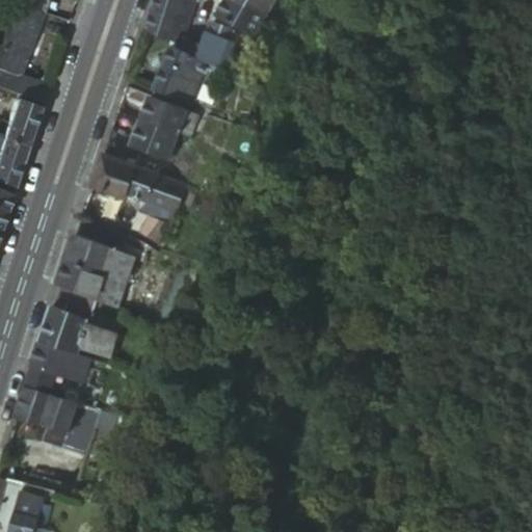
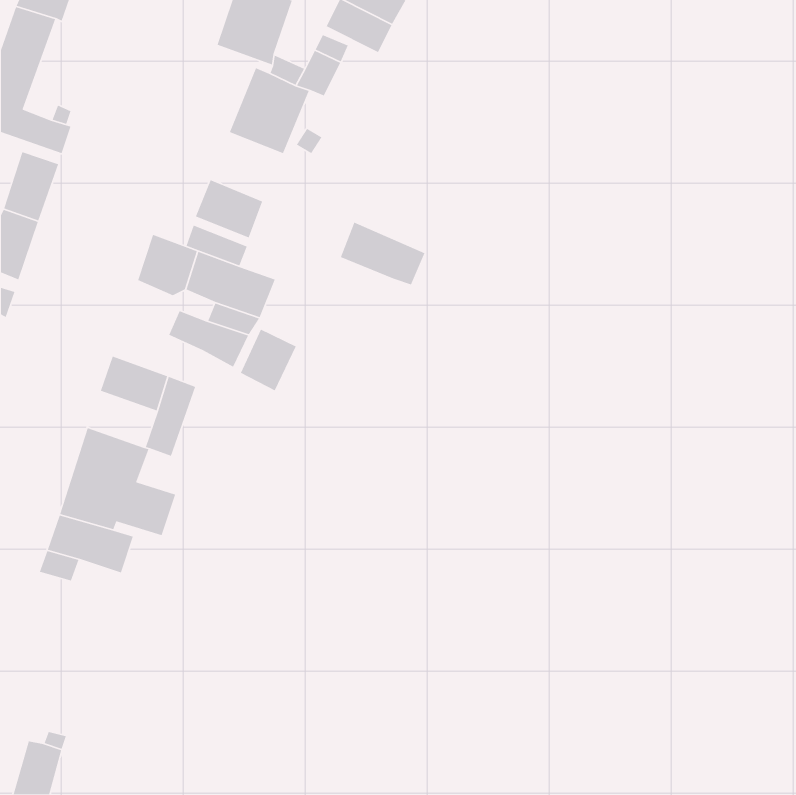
building: [140,96,197,138] -> [340,222,425,285]
building: none -> [240,329,297,392]
building: [58,261,105,298] -> none
building: [15,390,98,457] -> none

